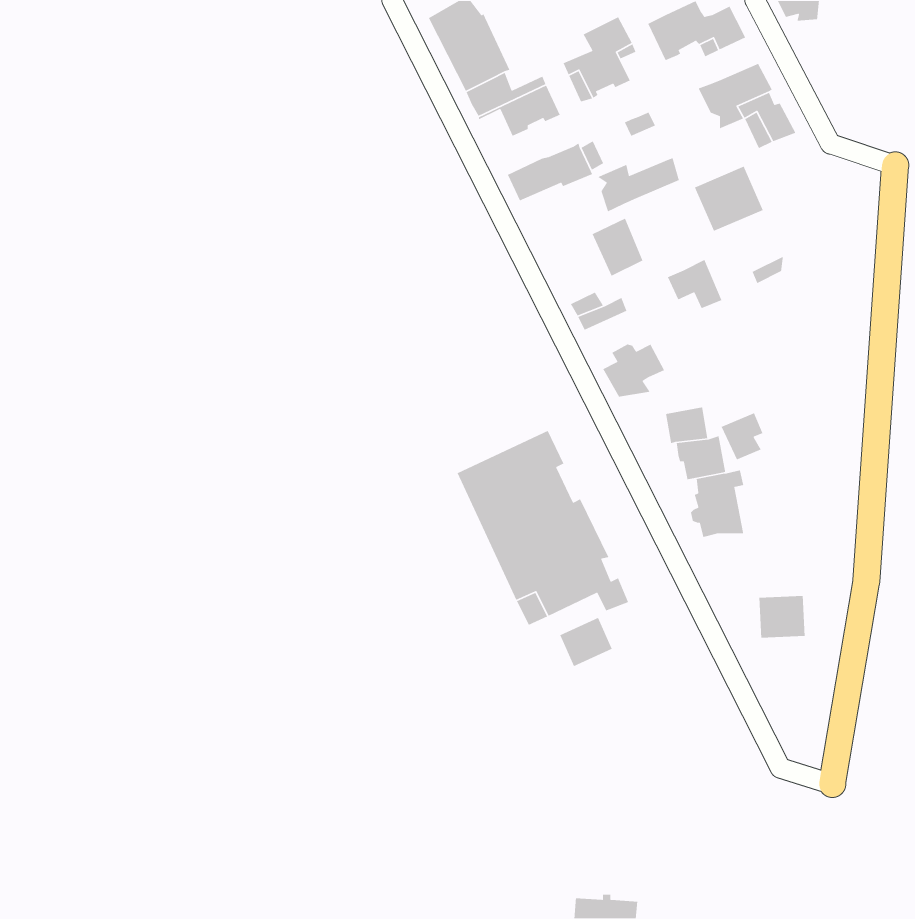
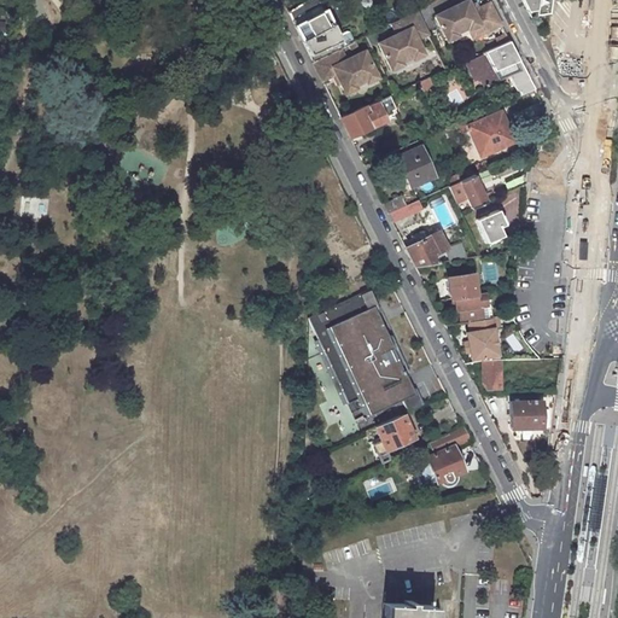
building: [597,157,680,212] -> none
building: [720,412,763,461] -> [478,210,507,243]
building: none -> [484,358,503,389]
building: none -> [426,426,471,486]

